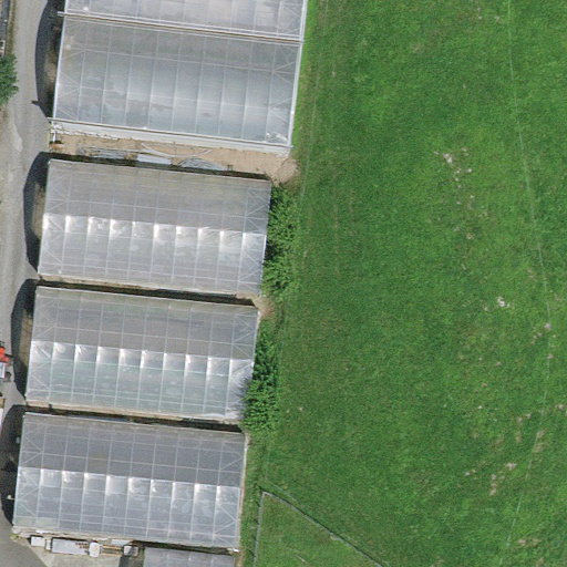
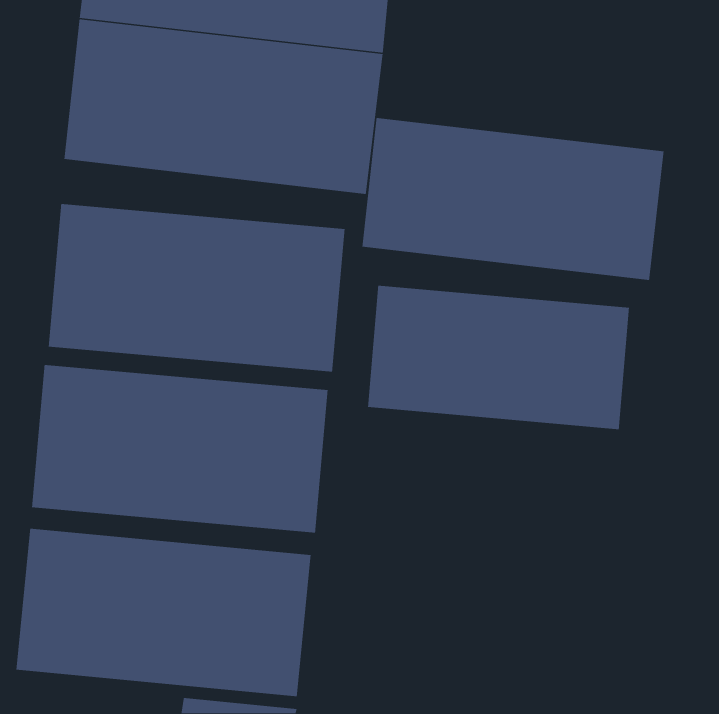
building: none -> [361,117,664,281]
building: none -> [367,285,630,430]

